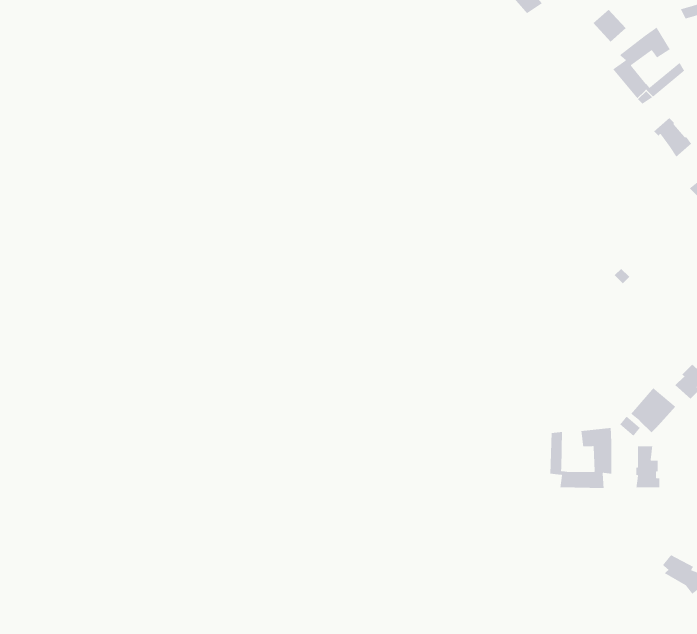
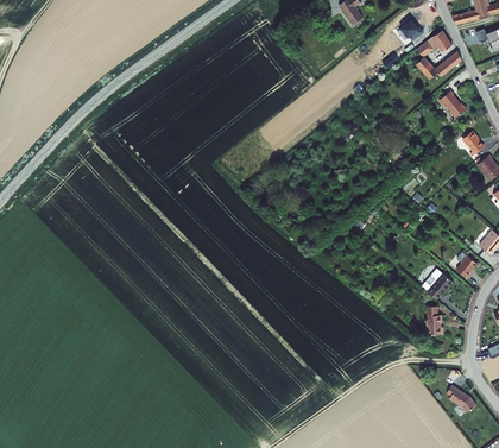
building: [550,427,612,489] -> none

